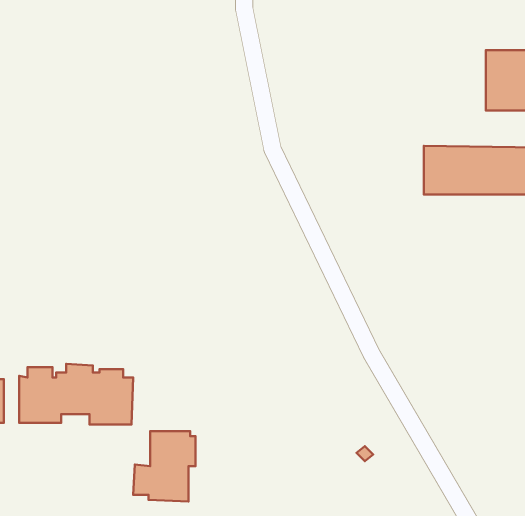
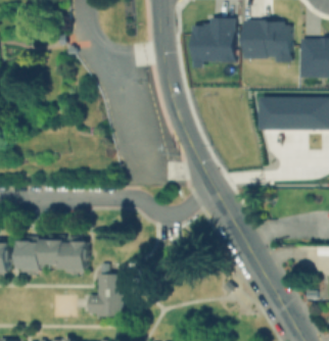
building: none -> [191,20,235,62]
building: none -> [244,21,289,63]

